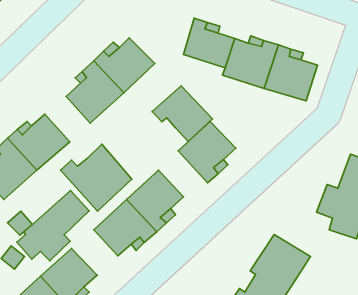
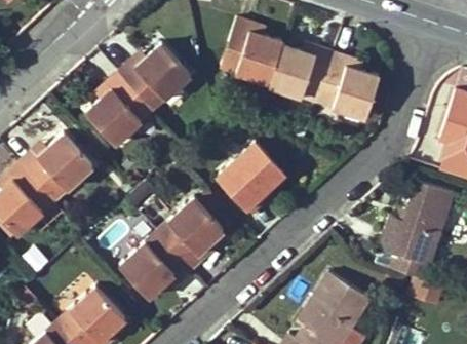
building: [152,86,213,141] -> none
building: [61,144,132,211] -> none
building: [17,190,89,261] -> none

